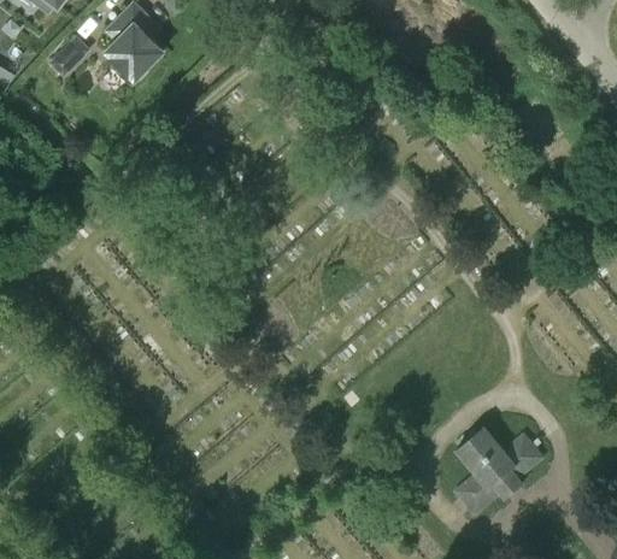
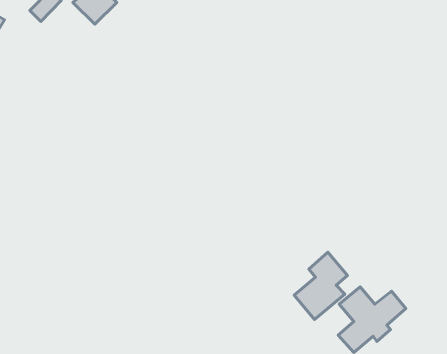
building: none -> [294,252,347,320]

